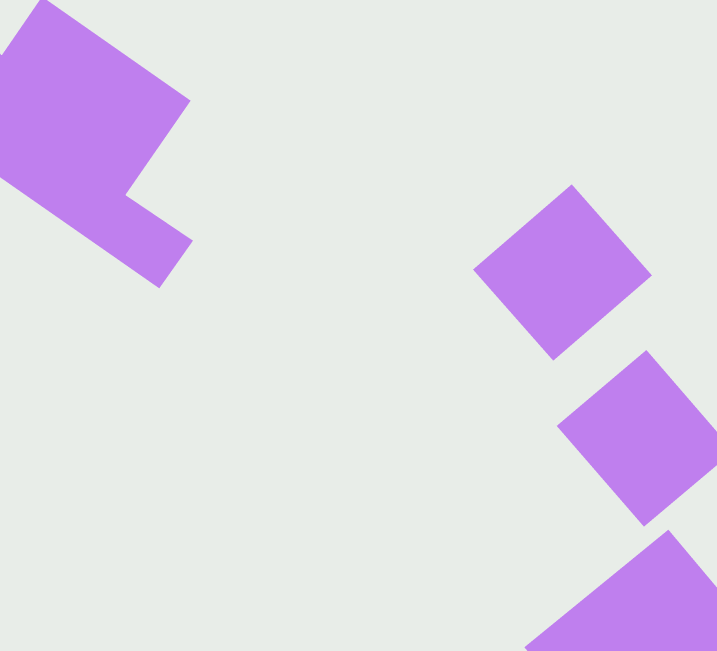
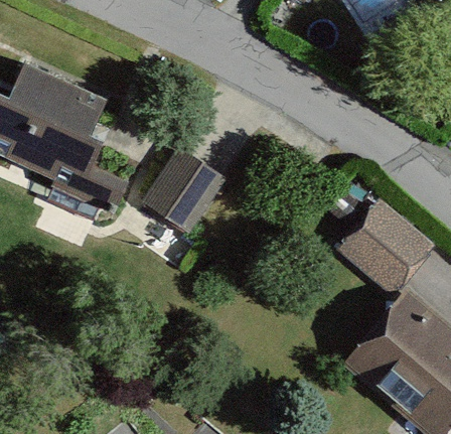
building: [472,183,653,362] -> none
building: none -> [142,145,227,233]

